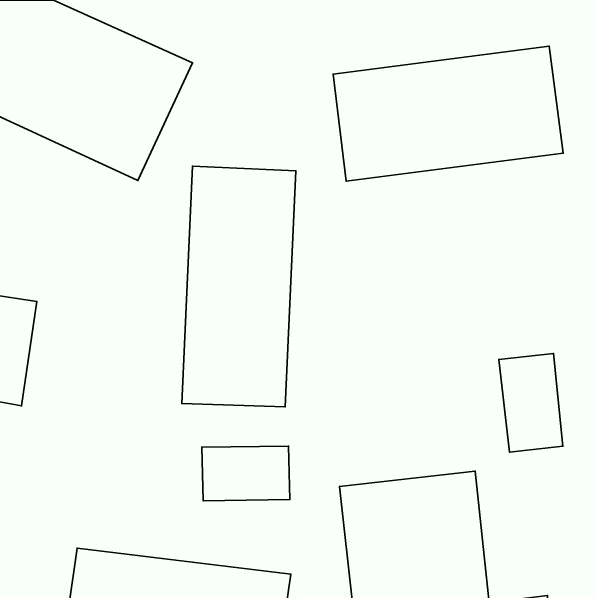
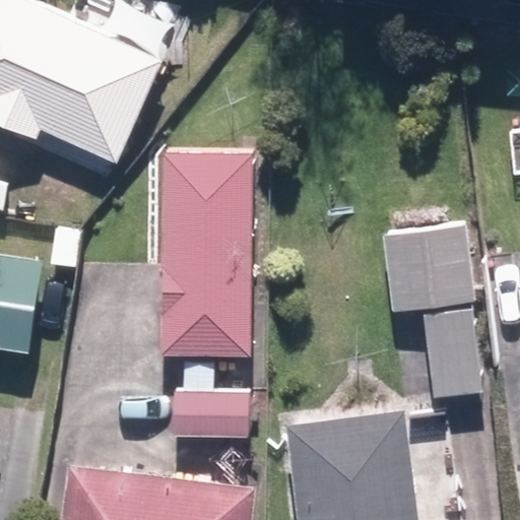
building: [333,46,563,181] -> none
building: none -> [386,222,474,311]

